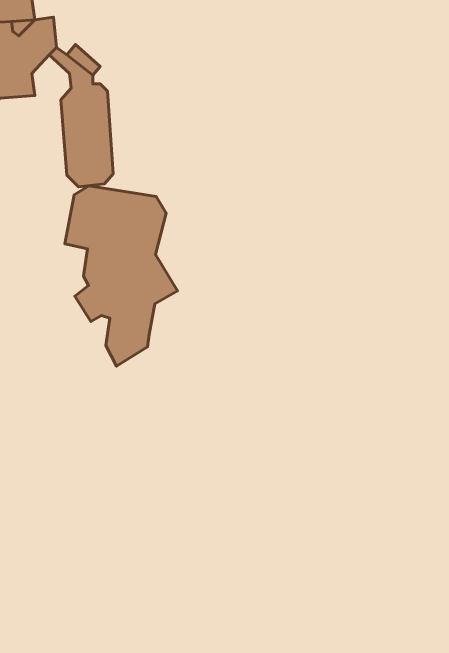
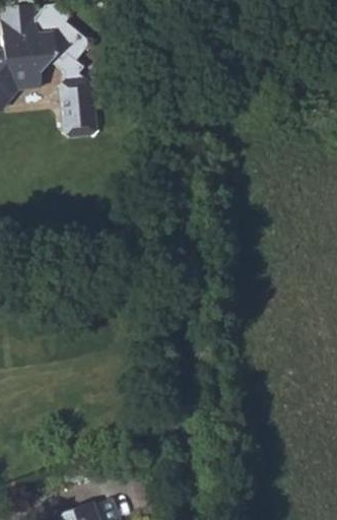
building: [65,186,177,366] -> none

